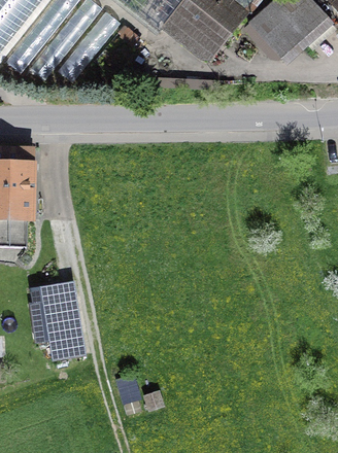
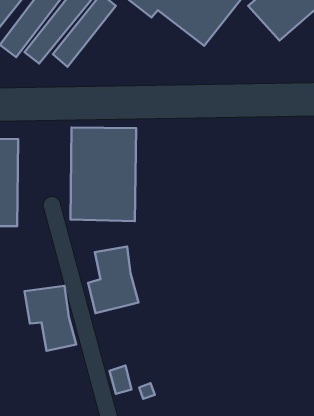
building: none -> [70,128,136,221]
building: none -> [88,246,138,313]

